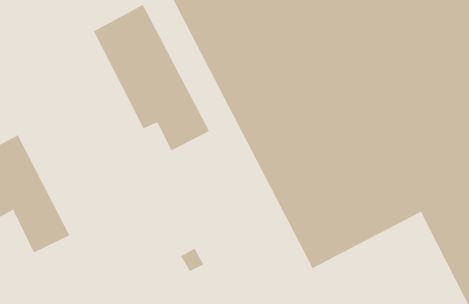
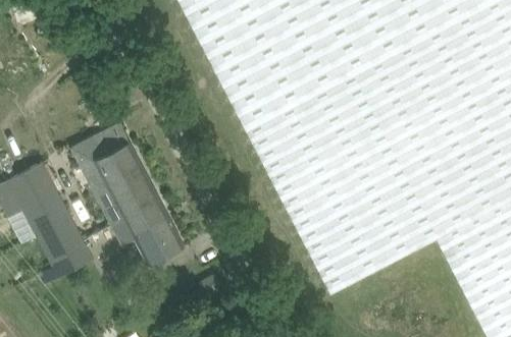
building: [93,4,210,151] -> [70,119,185,263]

